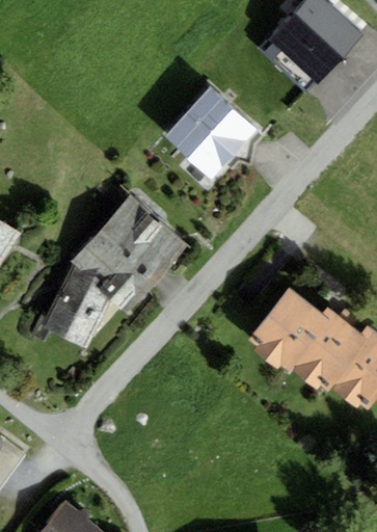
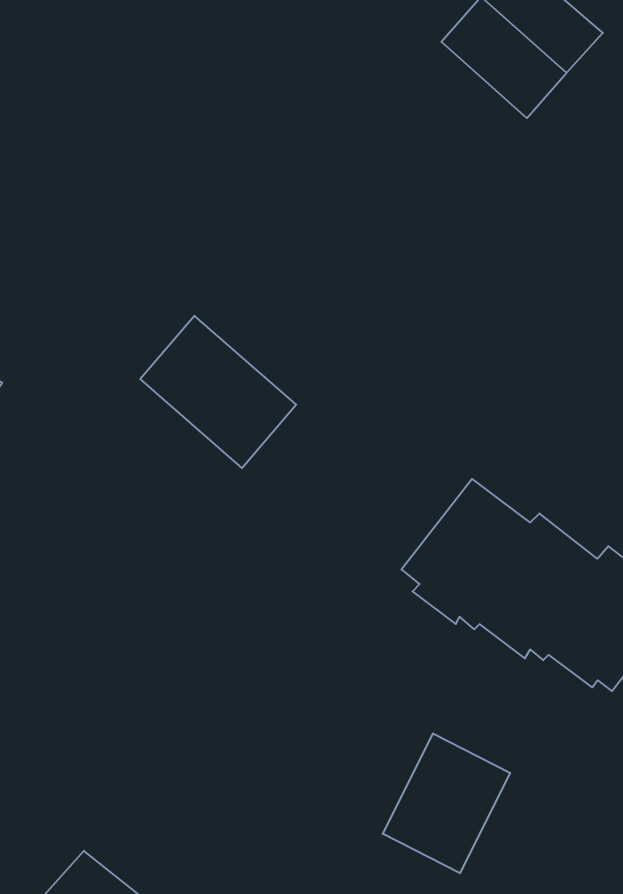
building: [165,87,257,180] -> none
building: [44,231,157,348] -> none
building: none -> [383,733,510,873]

